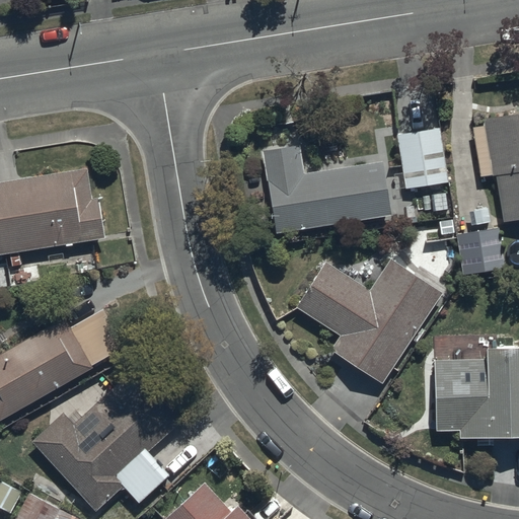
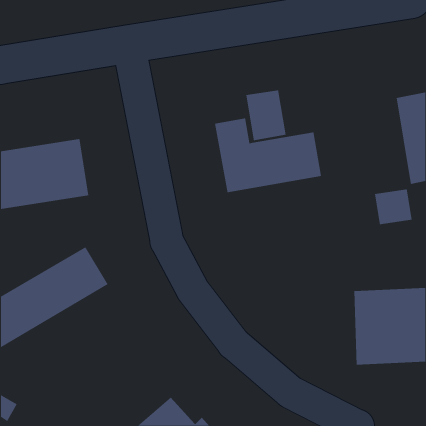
building: [397,128,447,190] -> [246,90,286,141]
building: [292,256,442,386] -> none
building: [34,367,194,512] -> none

